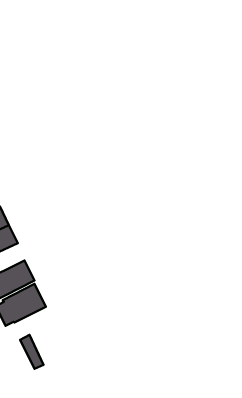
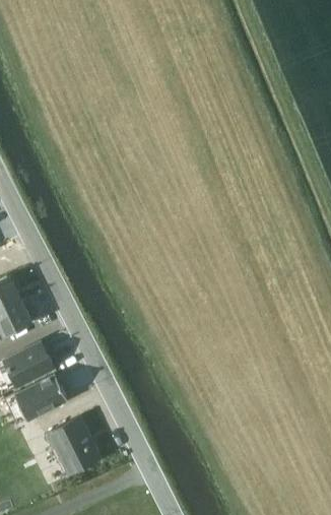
building: none -> [49,417,101,473]

